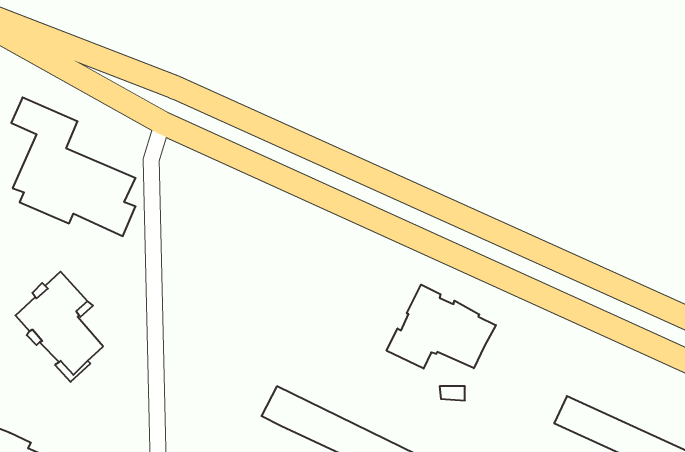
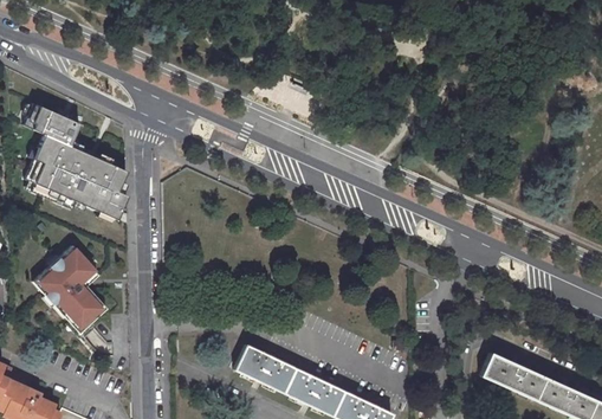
building: [387,285,496,369] -> none

